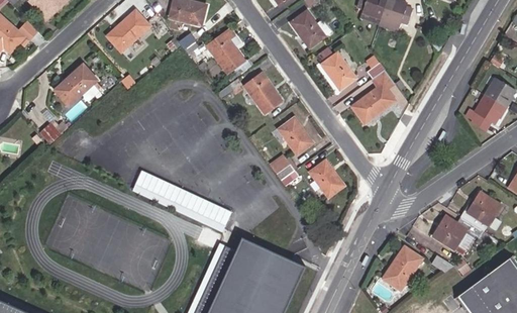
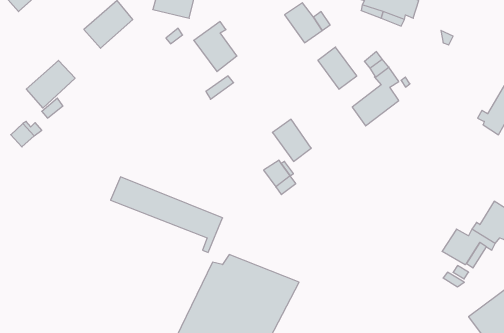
building: [243,73,283,114] -> none
building: [309,160,345,198] -> none
building: [382,246,422,291] -> none

